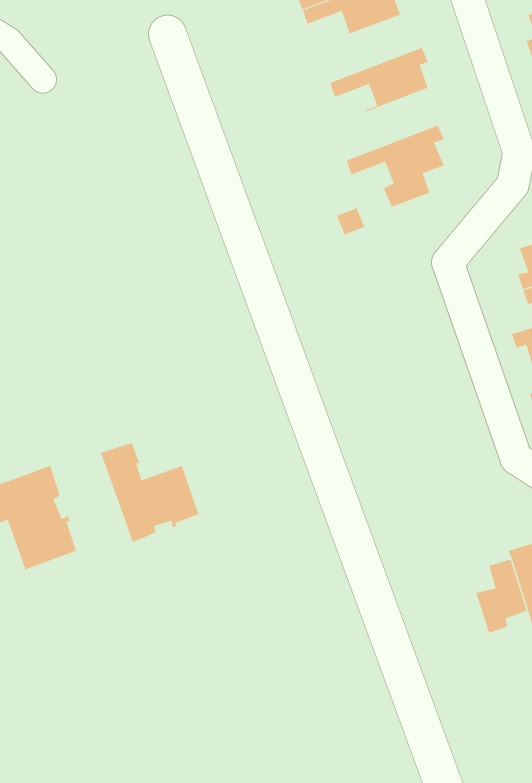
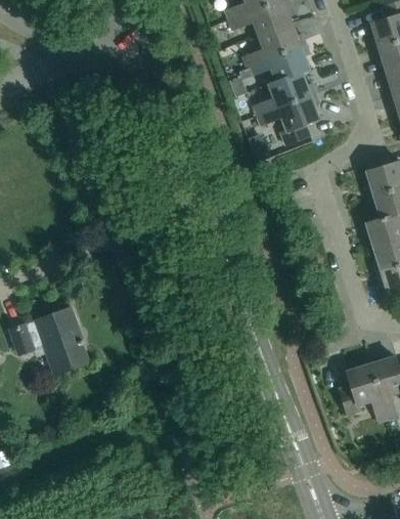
building: none -> [243,23,306,66]
building: none -> [254,69,316,115]
building: [100,442,199,543] -> none

